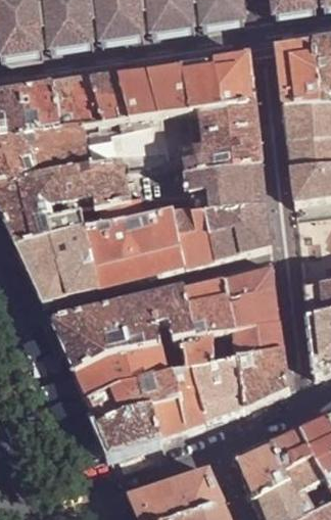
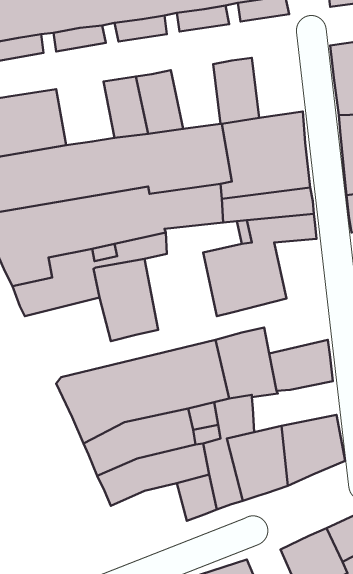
building: [214,49,255,104] -> none
building: [147,60,188,113] -> none
building: [53,75,101,127] -> none
building: [232,203,272,252] -> none
building: [126,210,185,278] -> none
building: [28,251,98,301] -> none
building: [224,264,276,297] -> none
building: [215,320,283,362] -> none
building: [98,404,160,451] -> none

